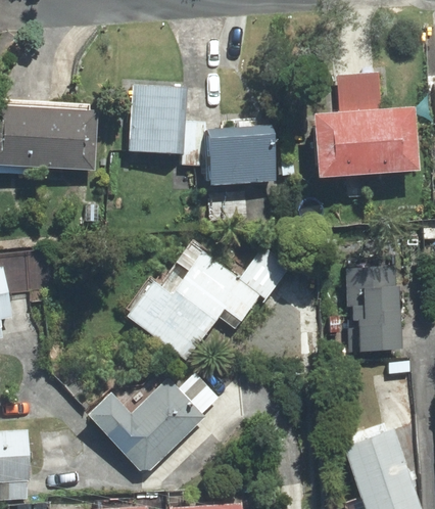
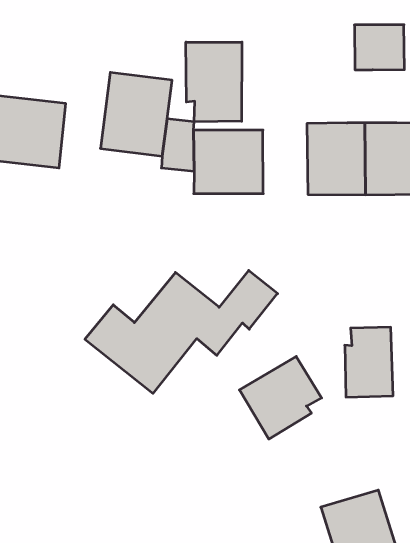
building: none -> [186,42,242,122]
building: [338,71,384,112] -> [354,25,404,70]
building: none -> [239,356,322,439]
building: [88,379,204,468] -> none

